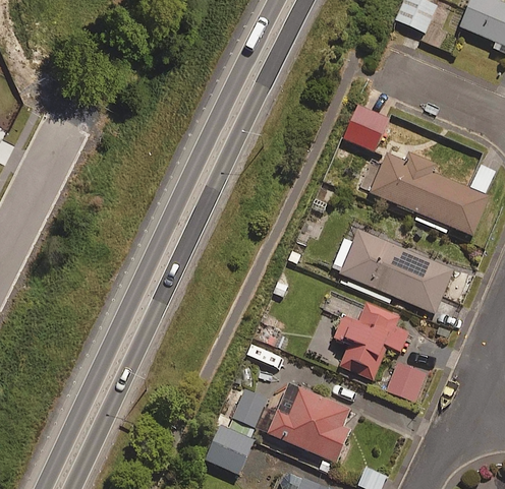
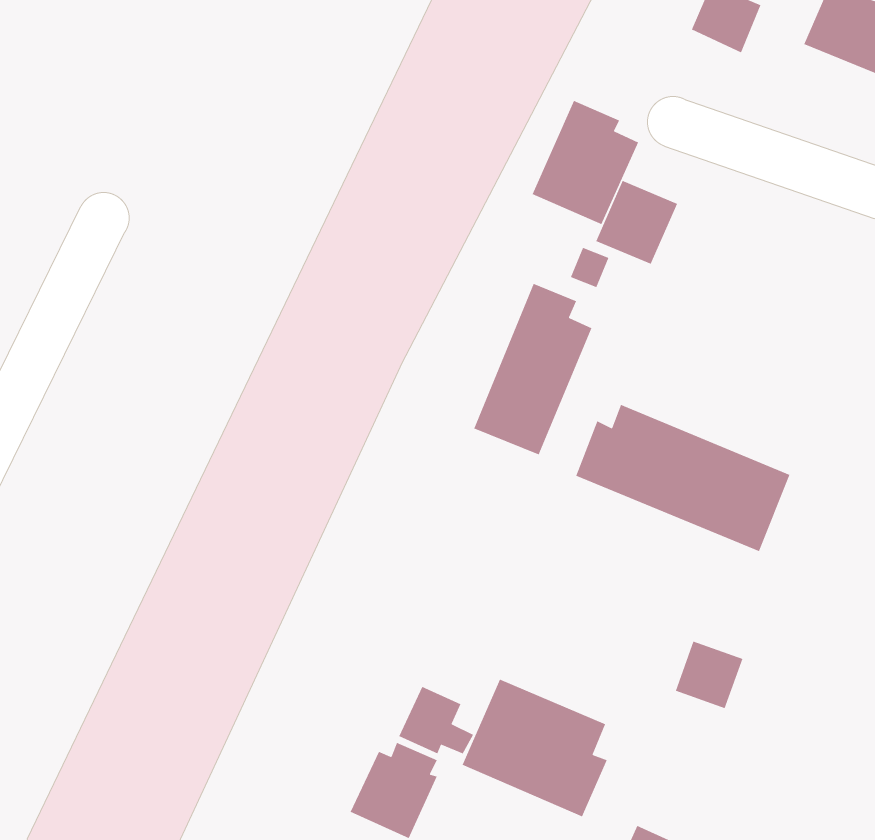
building: none -> [532,100,639,225]
building: [360,154,495,236] -> none
building: none -> [473,283,593,456]
building: [327,291,408,380] -> none

